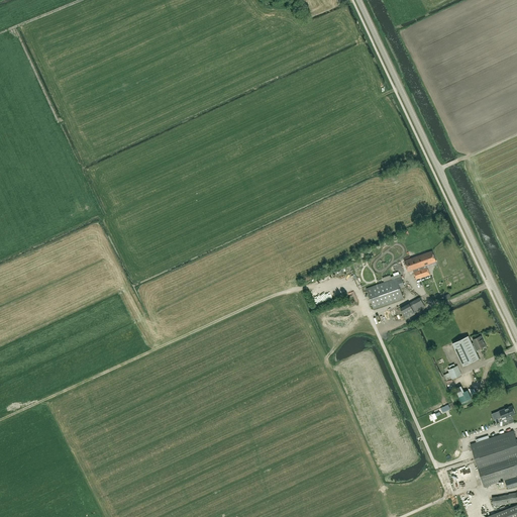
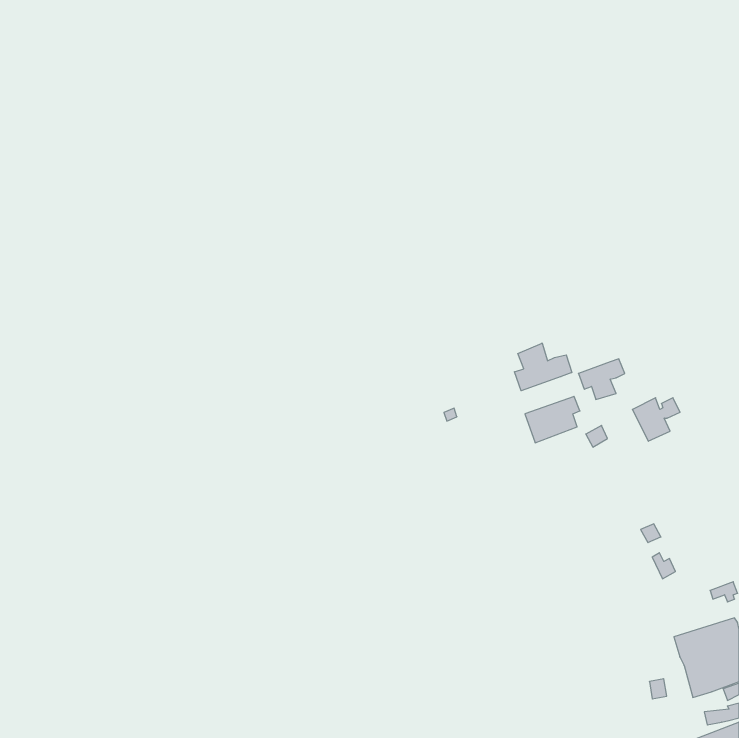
building: none -> [514,343,572,391]
building: [452,336,486,367] -> [632,398,680,441]

